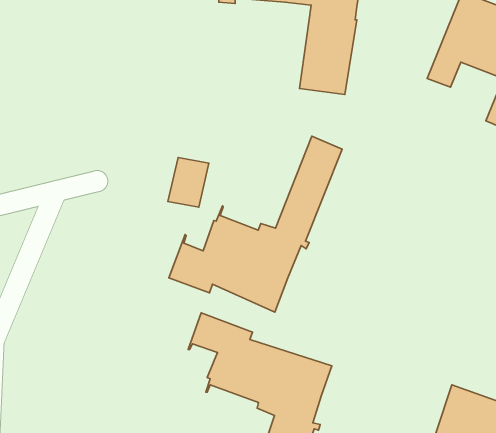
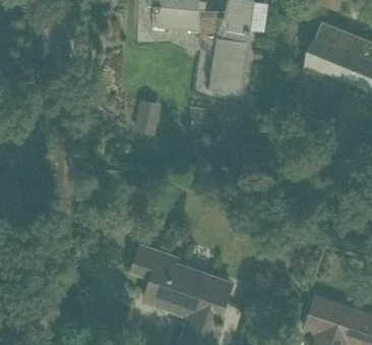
building: [169,136,342,312] -> none
building: [168,157,209,207] -> [133,101,162,135]

